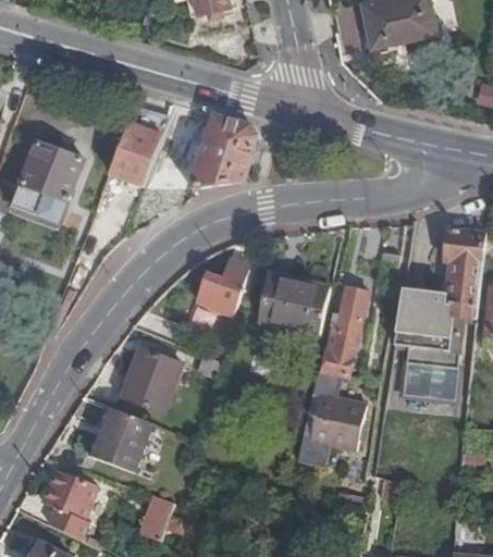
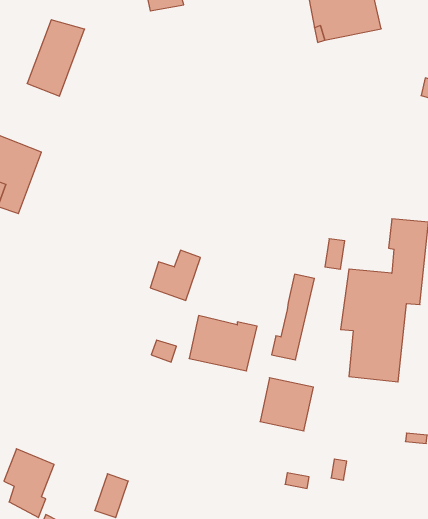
building: [108,108,168,187] -> [27,20,85,96]
building: [189,115,255,188] -> none
building: [258,276,329,334] -> [189,316,257,371]
building: [120,349,180,412] -> none
building: [89,406,153,473] -> none

